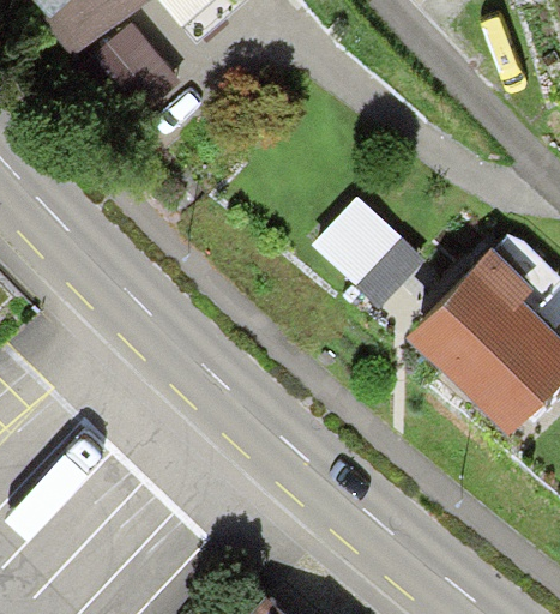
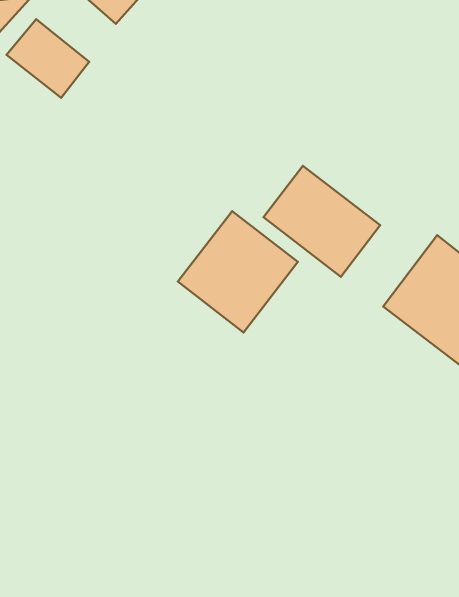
building: none -> [178,211,298,332]

